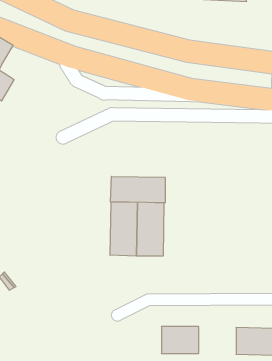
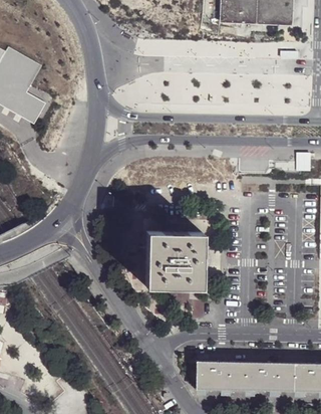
building: [110,176,165,203] -> none
building: none -> [239,362,278,391]

